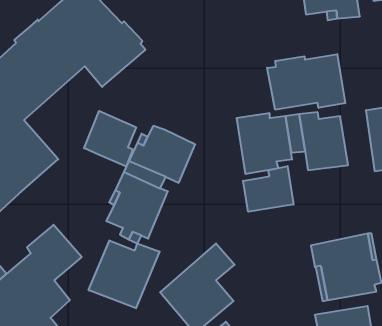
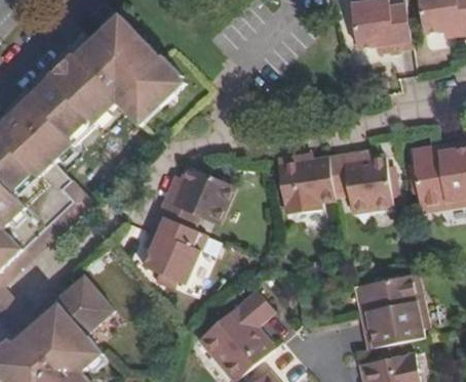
building: [267,54,345,110] -> none
building: [84,111,136,167] -> none
building: [243,166,294,212] -> none
building: [89,240,160,308] -> none

